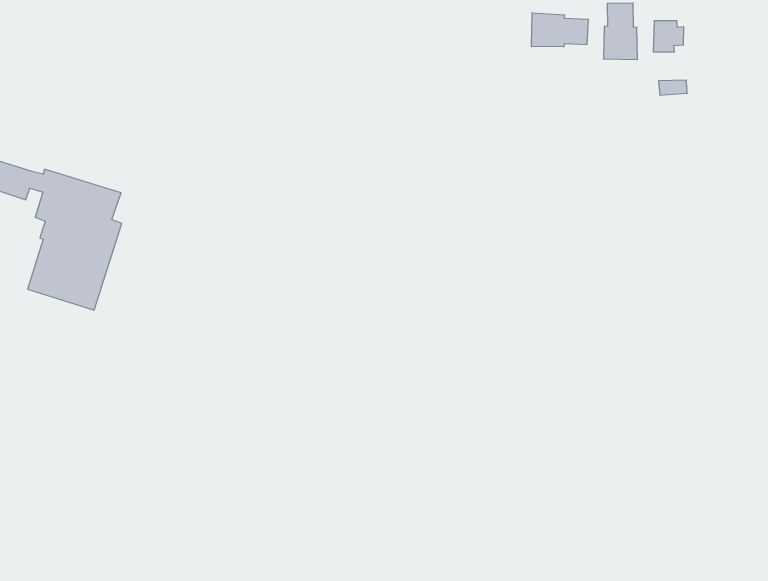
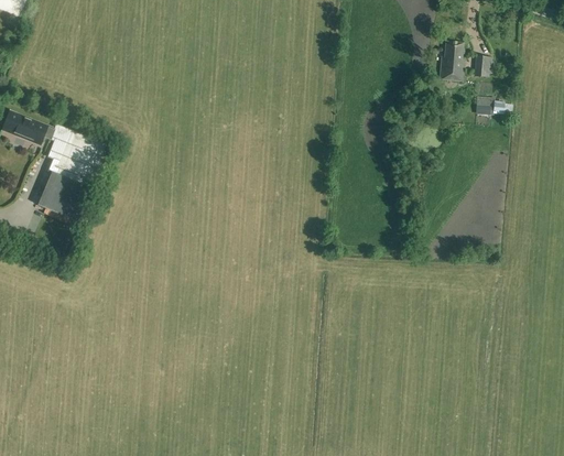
building: [532,13,588,47] -> none

